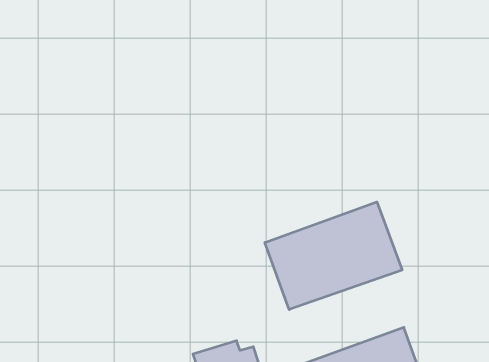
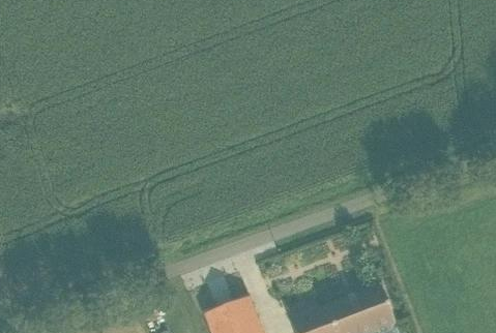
building: [265,202,402,310] -> none

